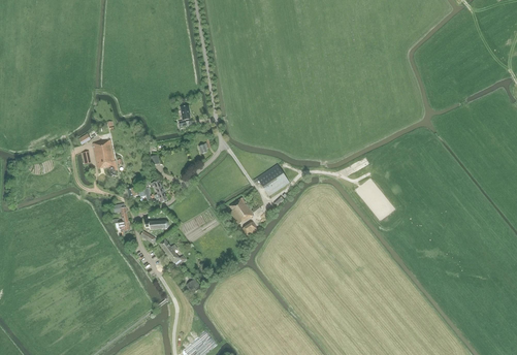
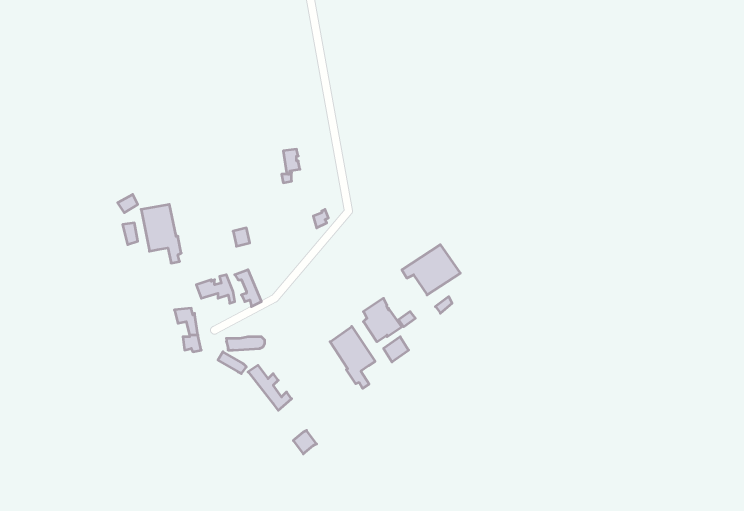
building: none -> [330,326,375,388]

